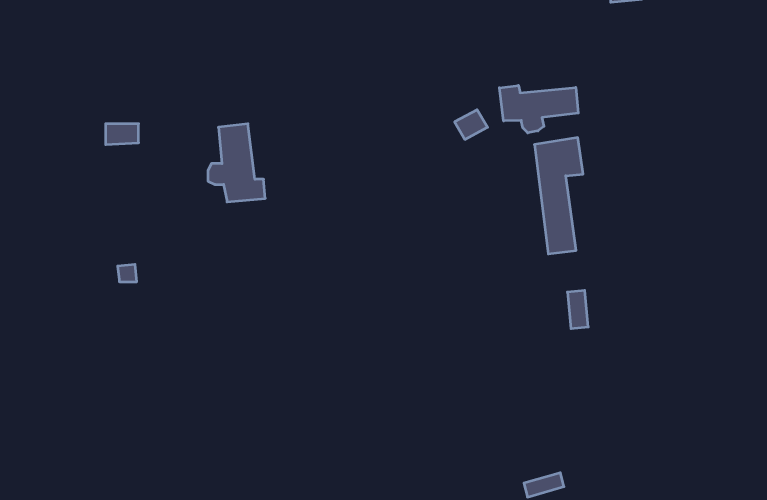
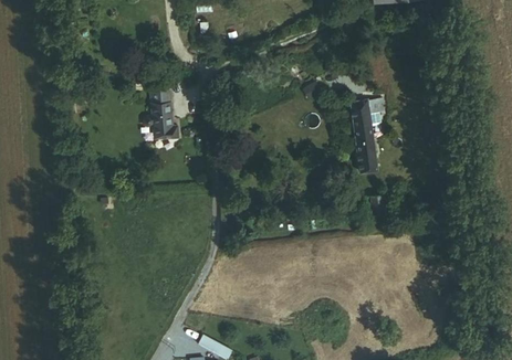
building: [499,85,578,133] -> none

